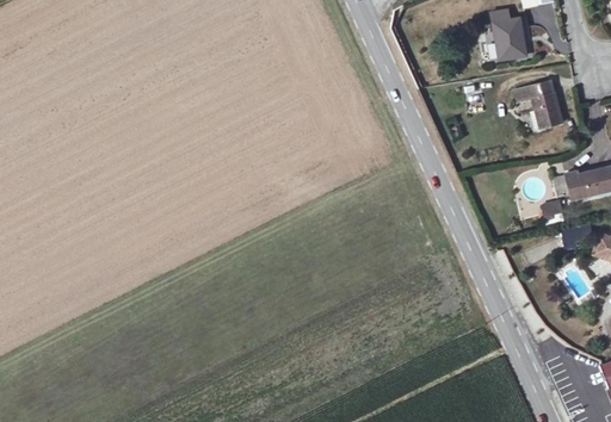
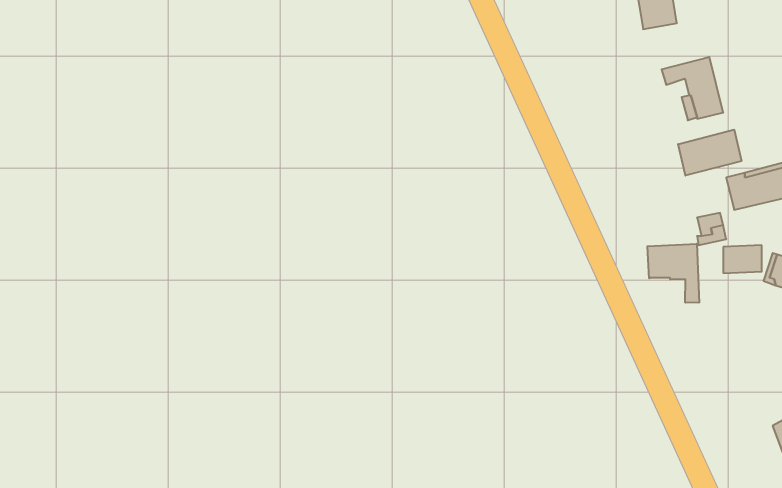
building: none -> [678,130,741,176]
building: none -> [647,244,699,303]

